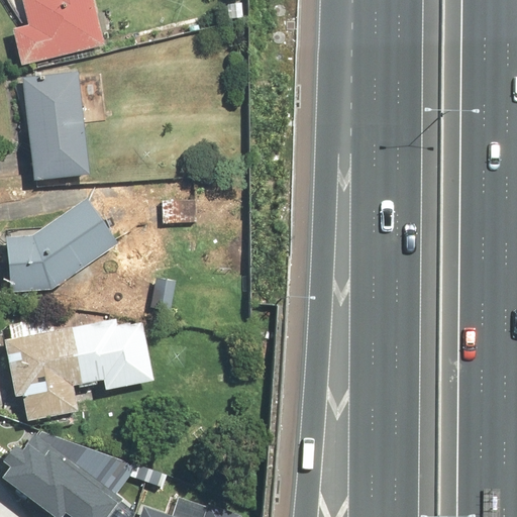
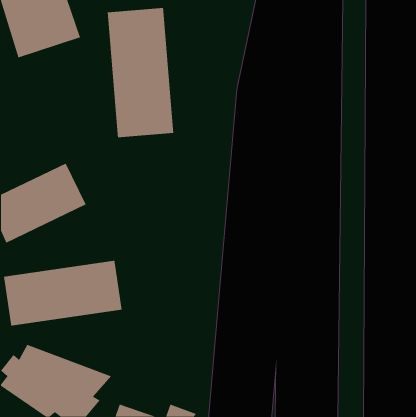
building: none -> [107,7,174,138]
building: [25,86,89,189] -> none

